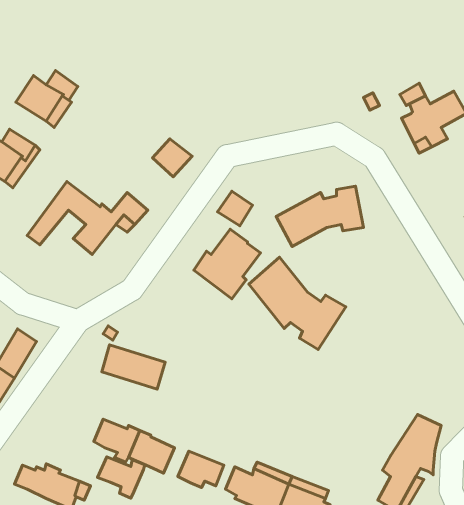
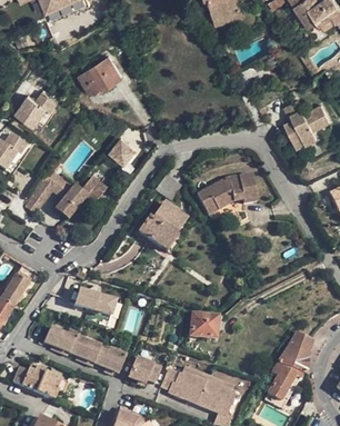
building: none -> [79,56,122,92]
building: [249,257,346,349] -> none
building: none -> [189,313,220,338]
building: [97,457,145,498] -> [43,326,77,355]

